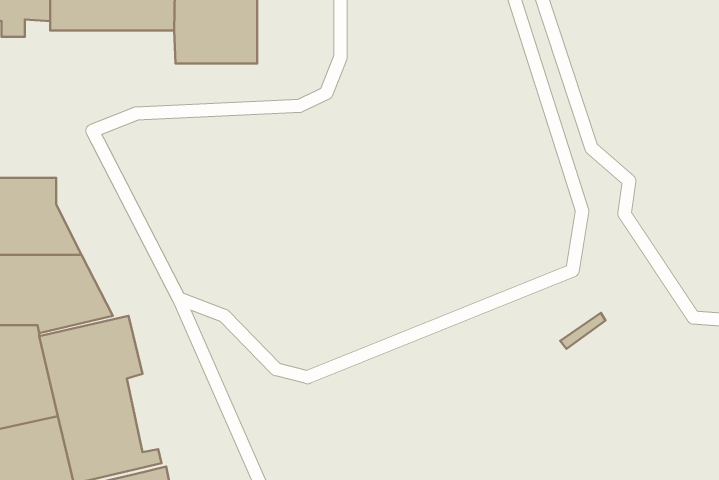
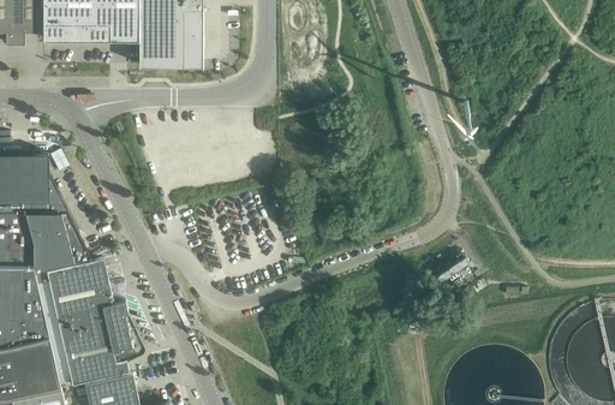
building: none -> [102,302,144,364]

